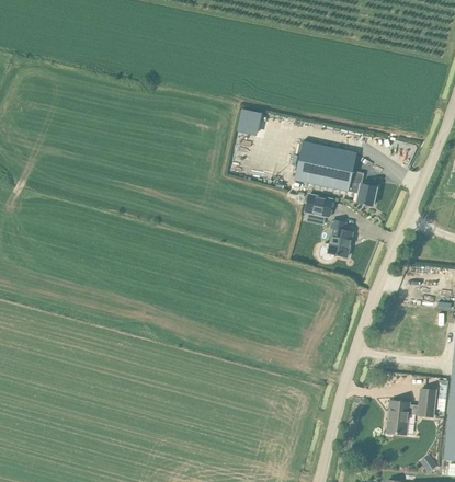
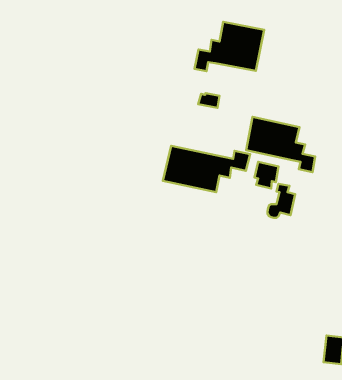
building: none -> [194,22,264,71]
building: none -> [163,146,250,192]

